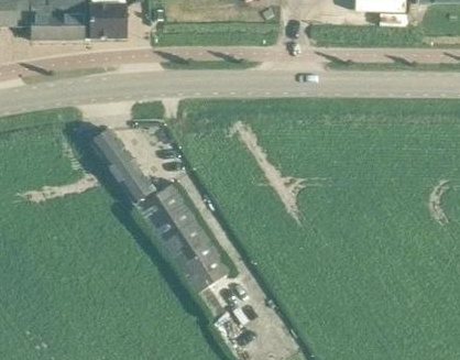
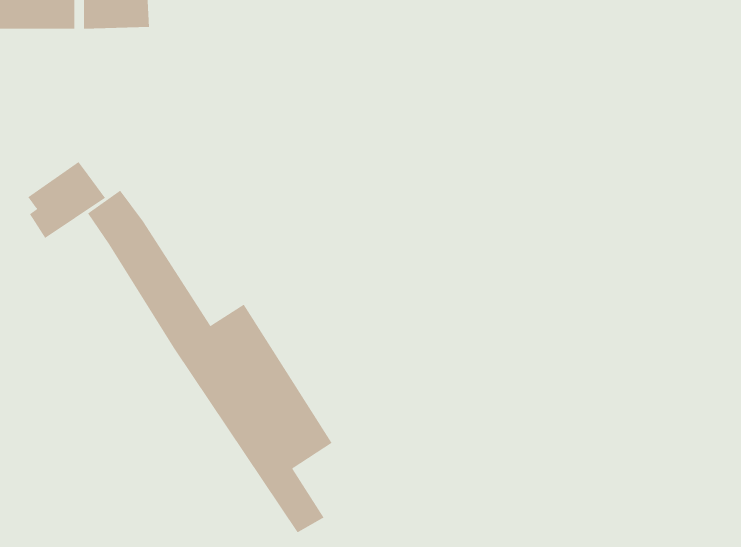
building: none -> [28,161,106,239]

